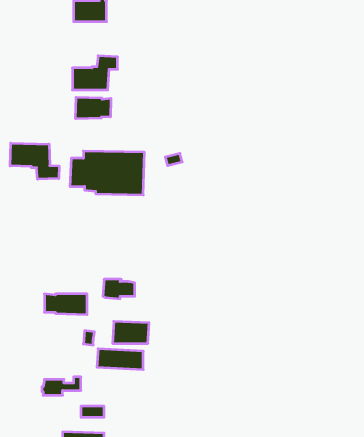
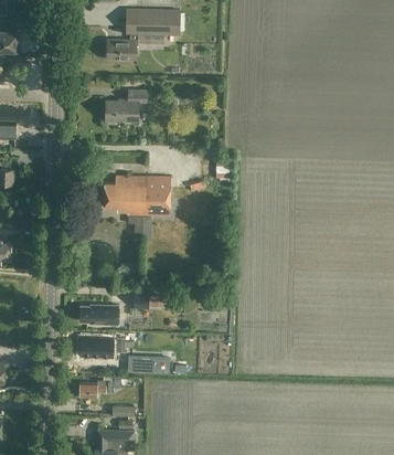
building: [76,97,111,119] -> none
building: [10,143,59,179] -> none
building: [113,321,149,343] -> [79,337,113,357]

